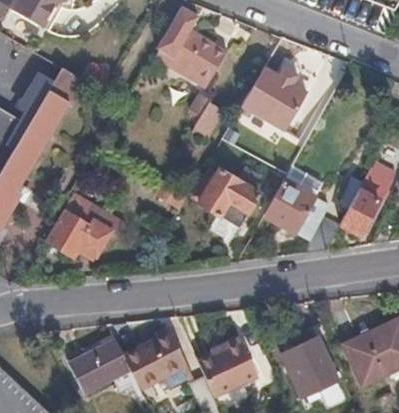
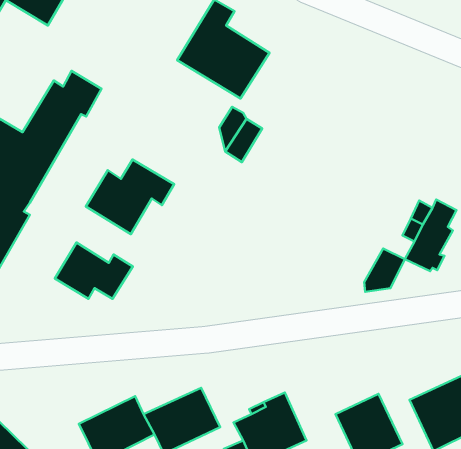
building: [239,70,303,134] -> none
building: none -> [86,160,174,234]
building: [193,169,261,227] -> none
building: [263,179,314,234] -> none

